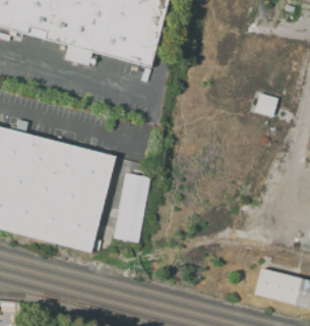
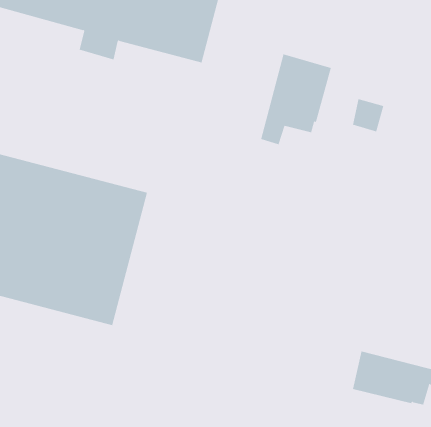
building: none -> [261,54,332,145]
building: [114,174,148,243] -> none

